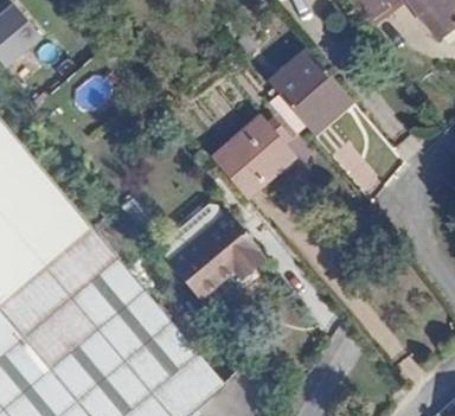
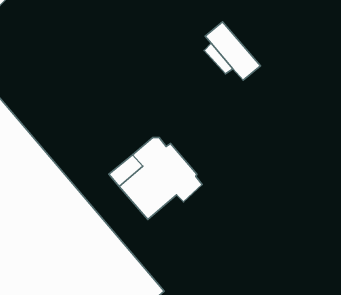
building: [288,50,351,117] -> none
building: [212,119,295,200] -> none

